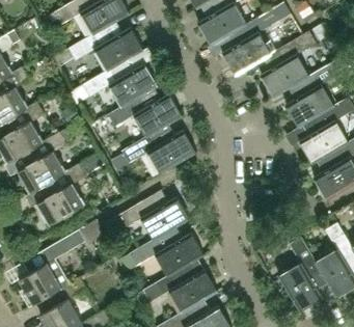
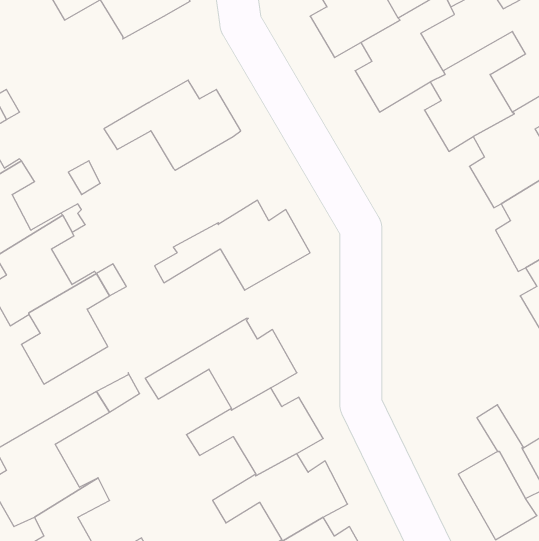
building: [67,23,143,71] -> none
building: [107,89,182,138] -> none

